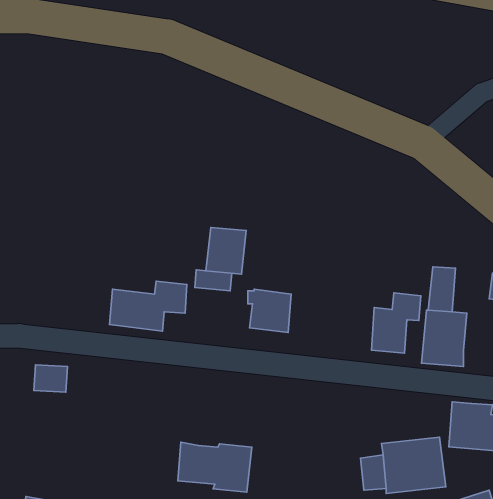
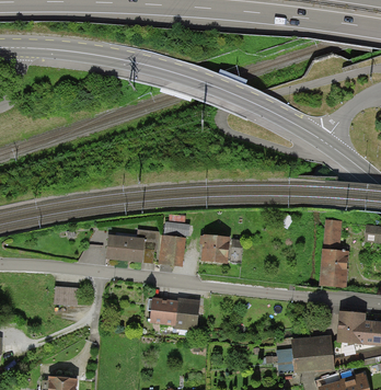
building: [206,227,246,274] -> [158,233,185,265]
building: [372,293,421,353] -> none
building: [178,442,252,492] -> [149,296,199,330]

